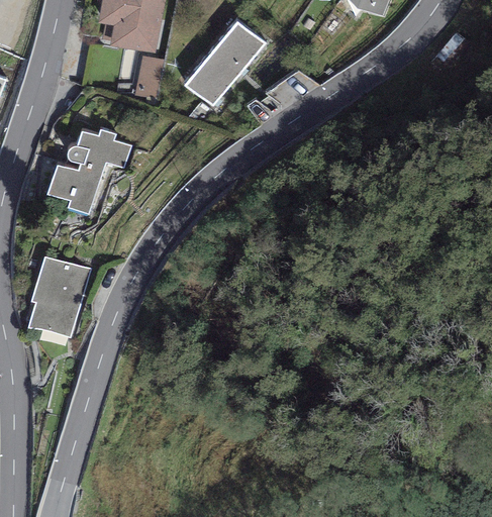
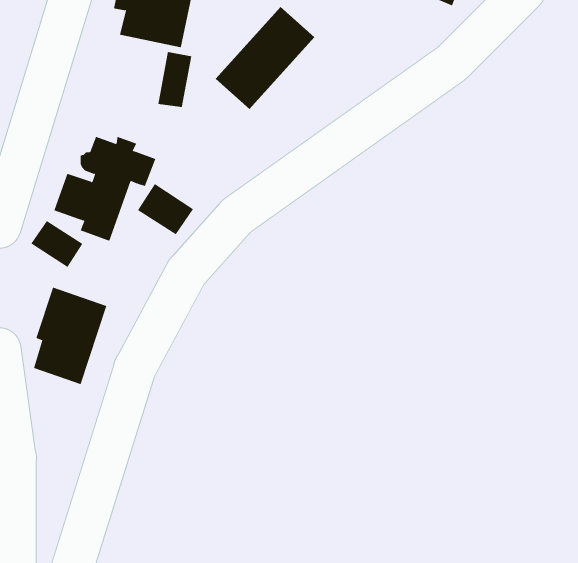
building: none -> [137,183,194,235]
building: none -> [30,220,83,268]

